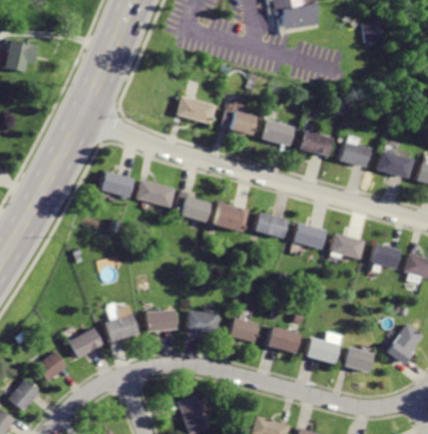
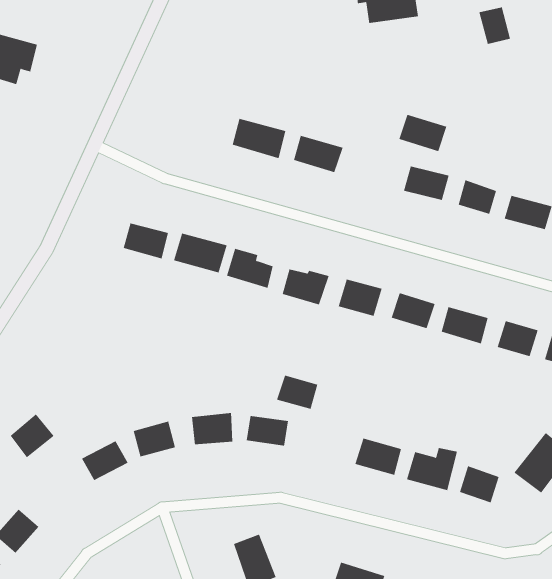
building: [263,120,298,147] -> [398,114,447,152]
building: [232,318,262,343] -> [276,375,318,410]
building: [36,350,68,382] -> [10,414,54,458]

